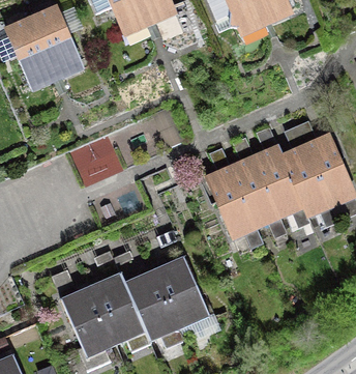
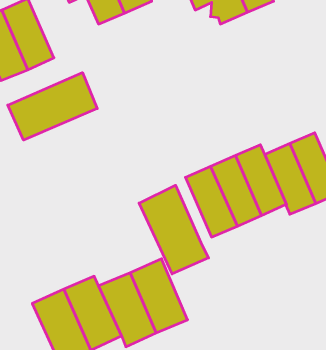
building: none -> [8,73,97,140]
building: none -> [139,185,209,274]

